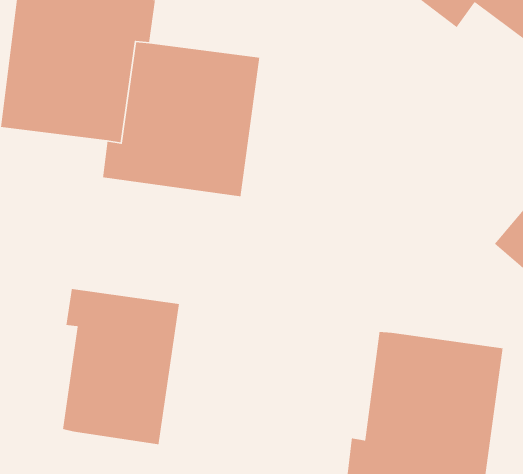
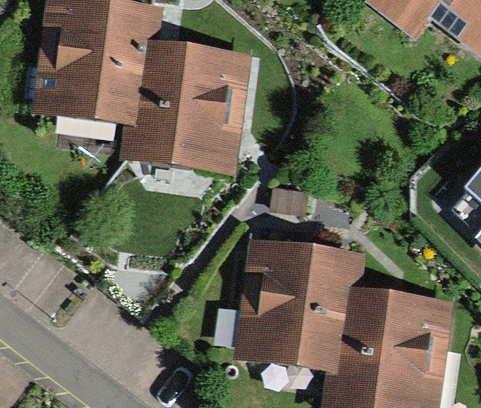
building: none -> [236,241,365,376]
building: [62,288,180,445] -> none

